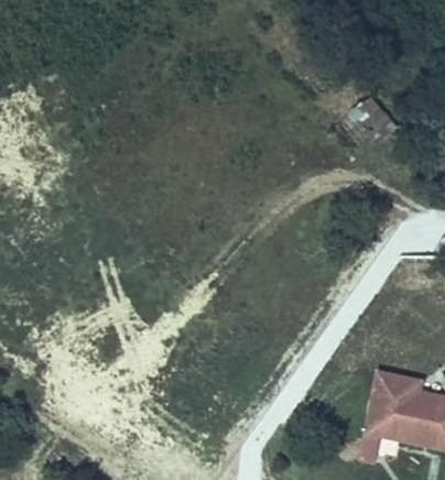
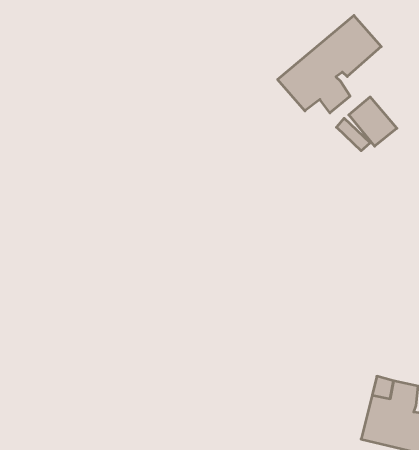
building: none -> [278,15,381,113]

